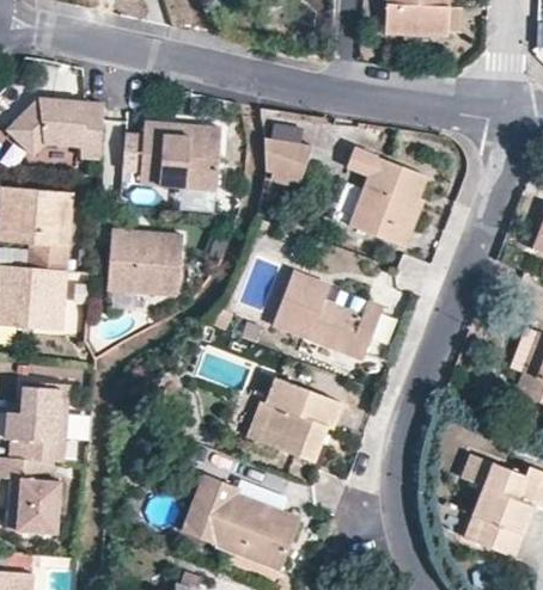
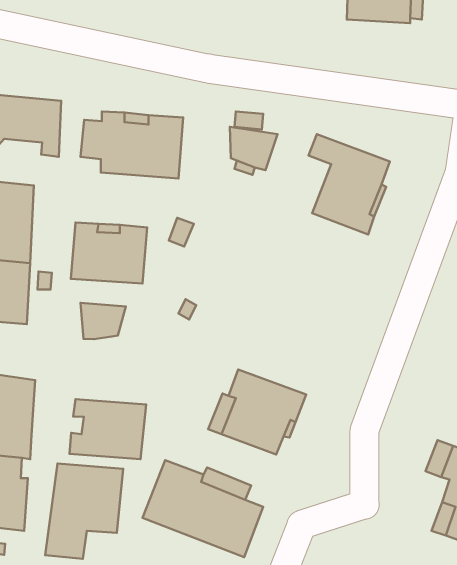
building: [272,271,385,359] -> none
building: none -> [80,303,126,339]
building: none -> [70,399,146,459]
building: none -> [45,464,123,559]

